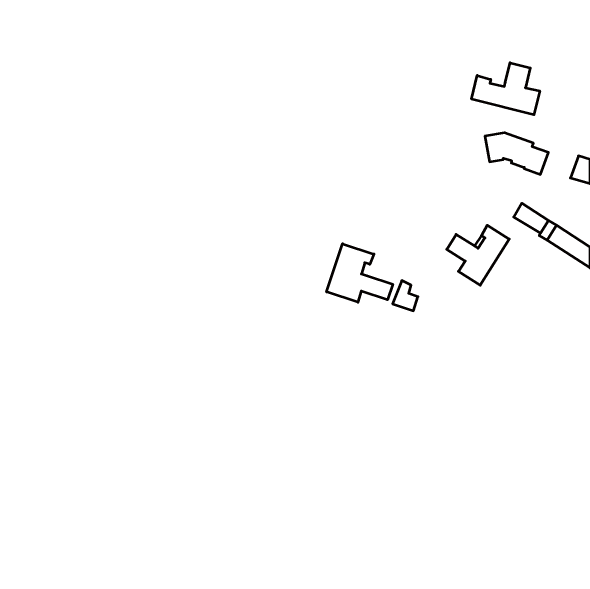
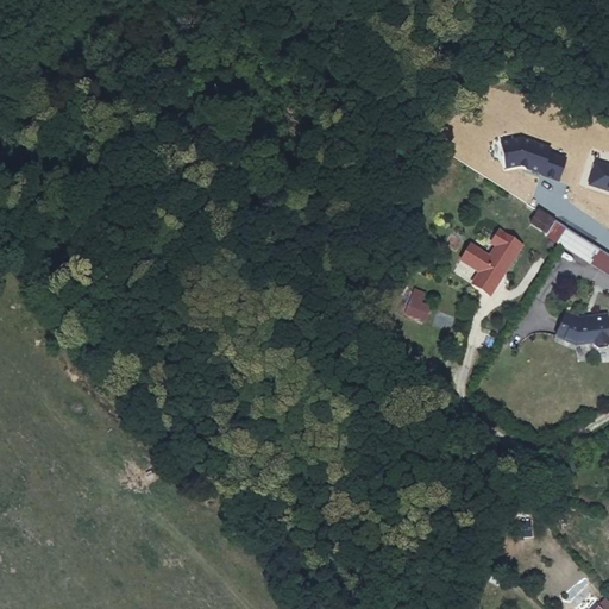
building: [472,63,540,115] -> none
building: [327,244,393,302] -> none
building: none -> [547,312,597,346]

